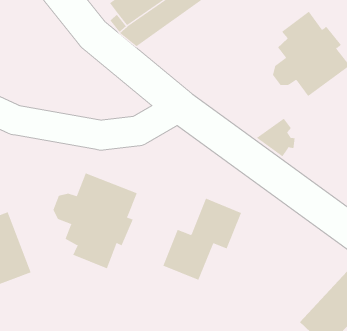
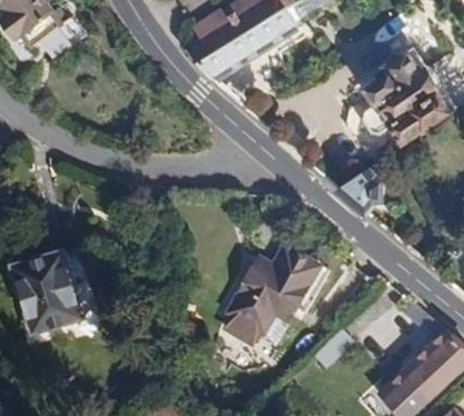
building: [53,173,138,269] -> none

